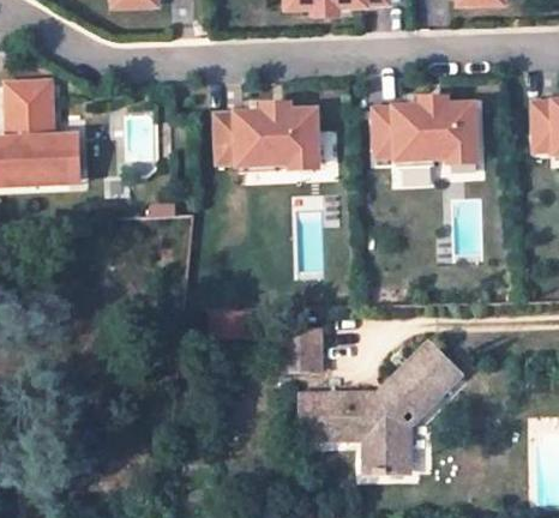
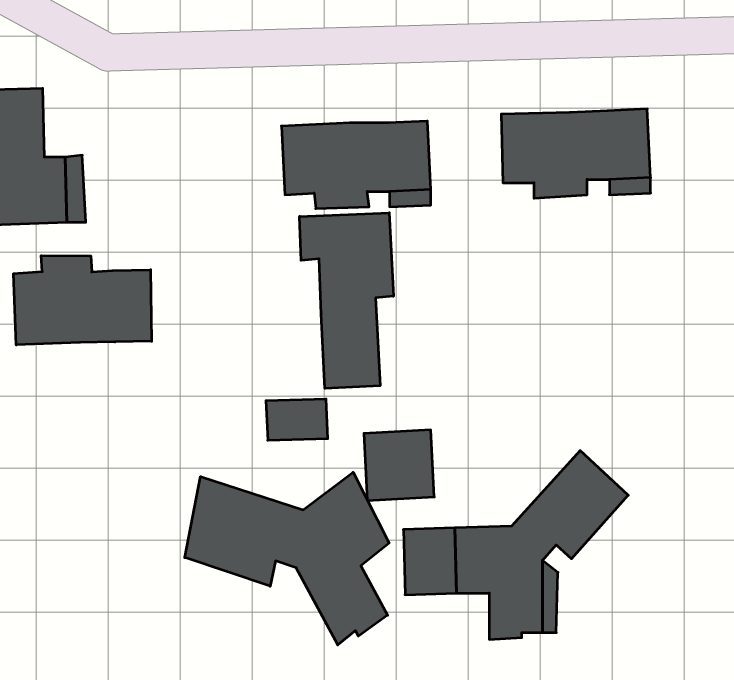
building: none -> [300,213,393,388]
building: none -> [14,256,152,345]
building: none -> [185,472,389,645]

